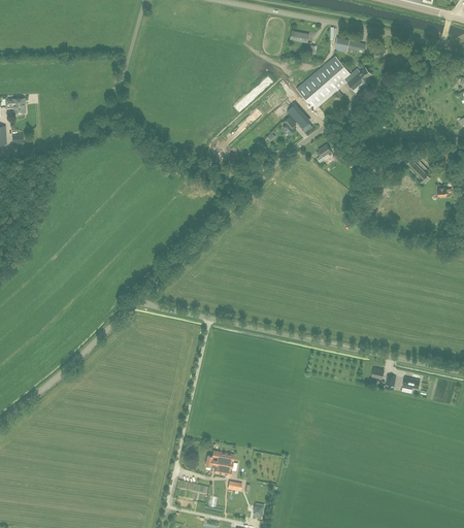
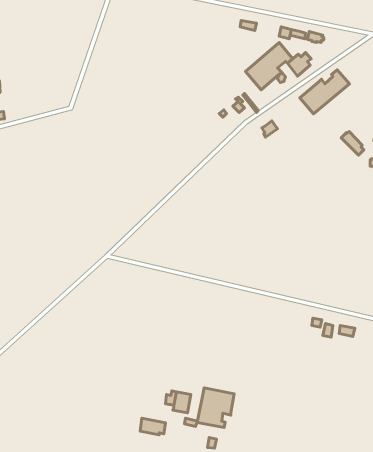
building: none -> [300,70,350,114]
building: none -> [197,388,234,428]

